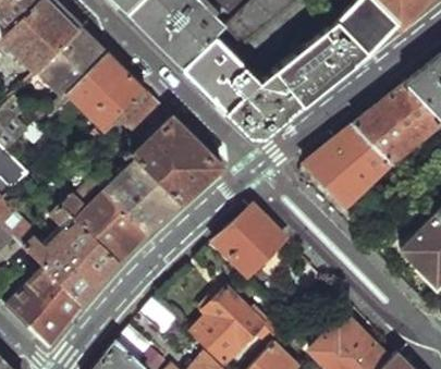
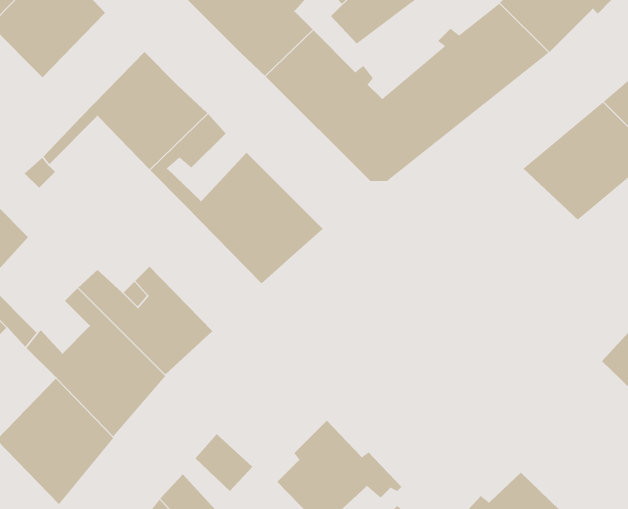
building: [38,26,105,94] -> none
building: [303,127,390,208] -> none
building: [106,151,181,233] -> none
building: [211,208,284,276] -> none

